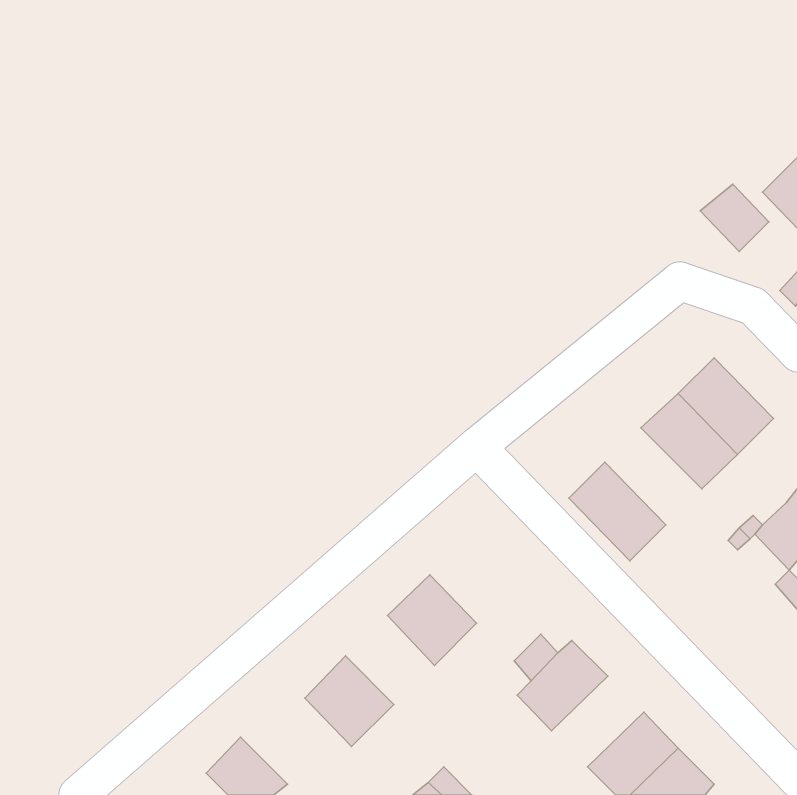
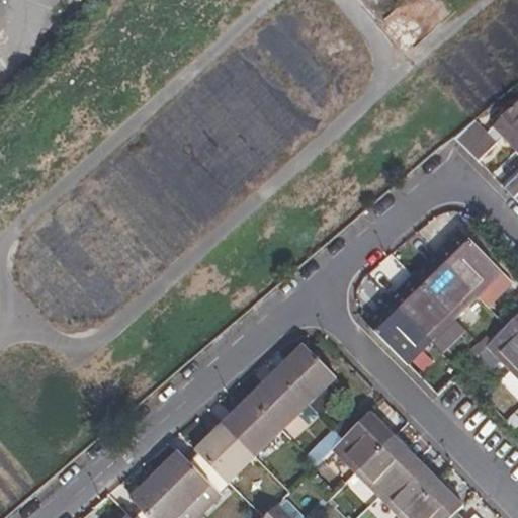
building: none -> [393,277,455,340]
building: none -> [279,346,336,404]
building: none -> [225,399,282,456]
building: none -> [358,438,418,497]
building: none -> [157,454,210,508]

